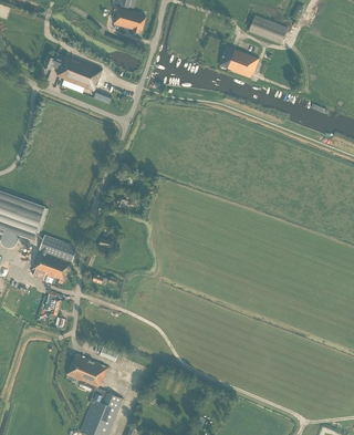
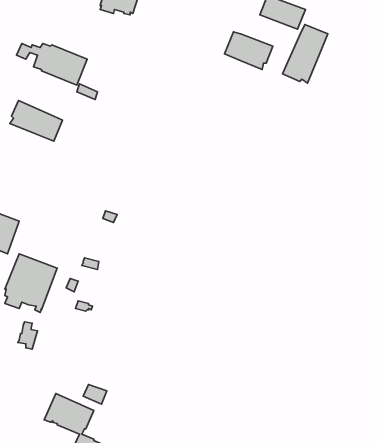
building: none -> [282,24,328,83]
building: none -> [10,101,62,141]

